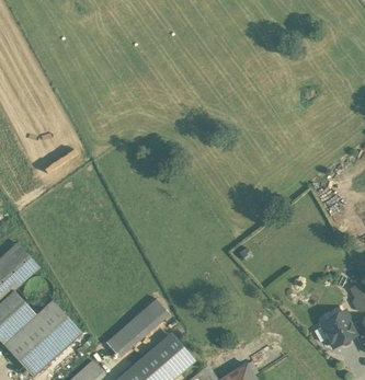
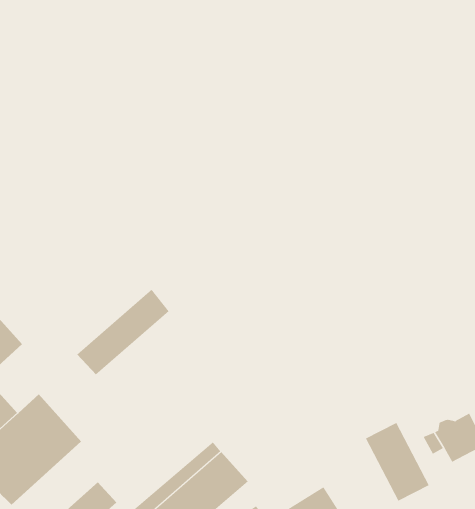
building: [105,298,169,357] -> [77,289,169,375]
building: none -> [365,422,430,502]

